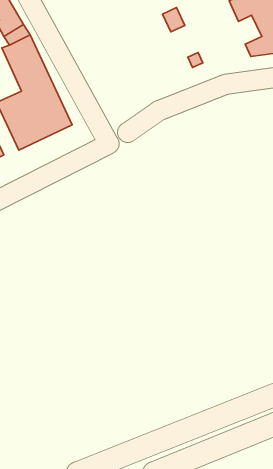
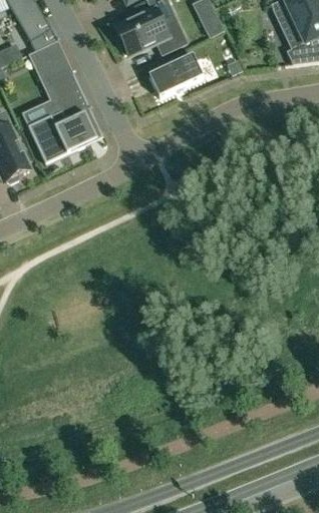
building: none -> [115,8,187,54]
building: none -> [148,53,203,96]

